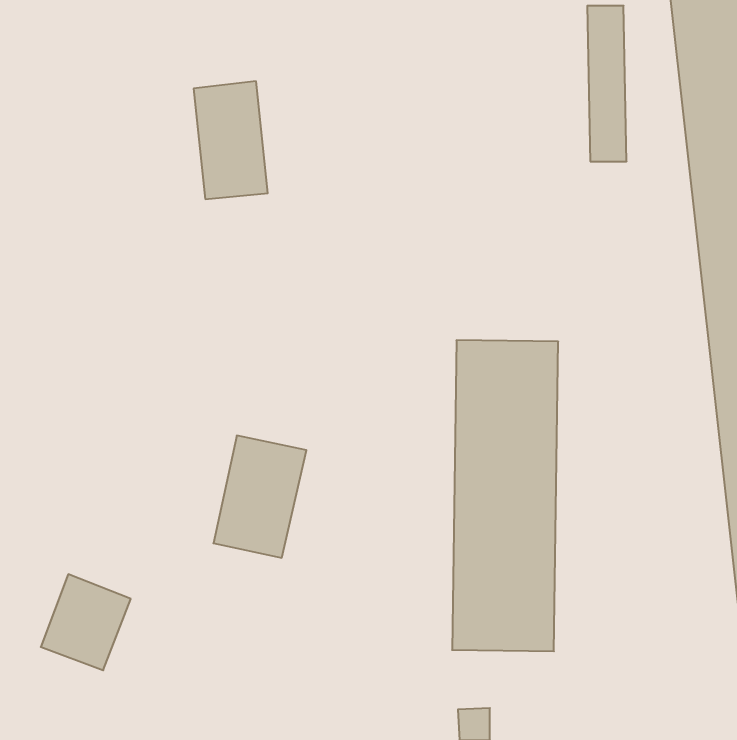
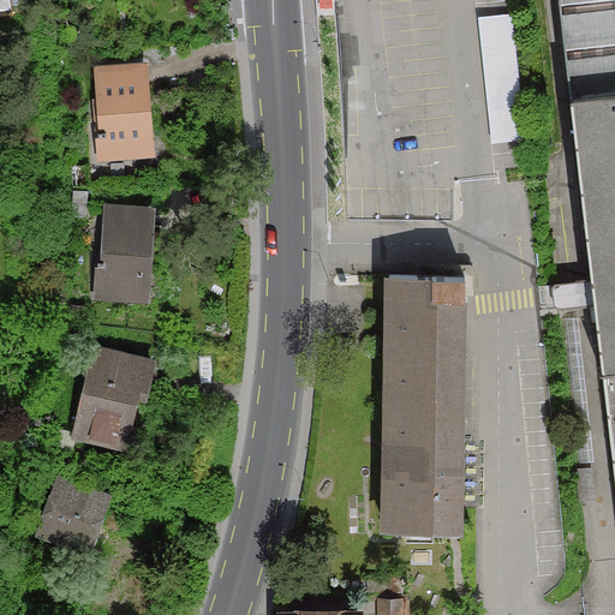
building: [194,81,268,199] -> [92,64,154,161]
building: none -> [97,198,157,298]
building: [213,436,306,558] -> [76,348,153,449]

